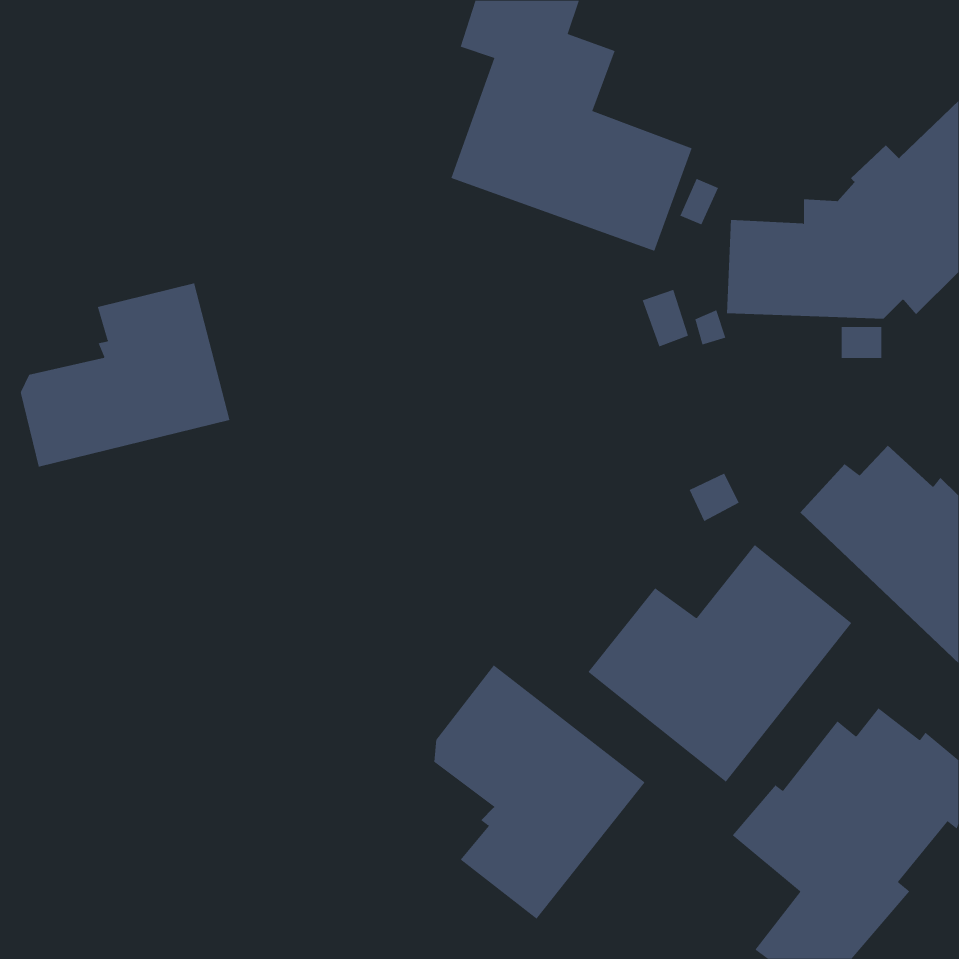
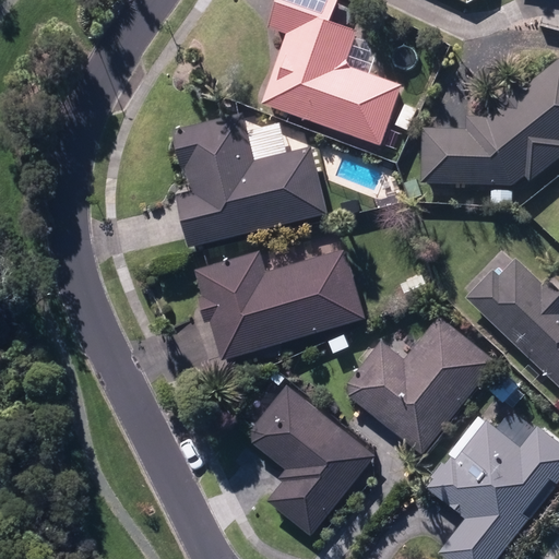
building: none -> [171,112,328,247]
building: [20,283,230,467] -> none
building: none -> [197,250,365,360]

